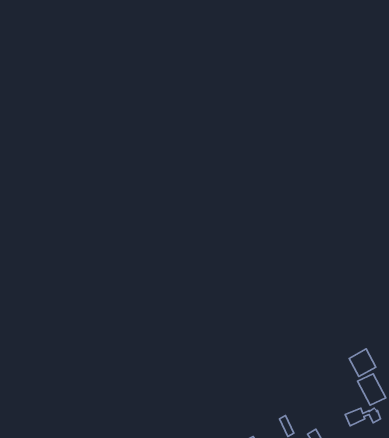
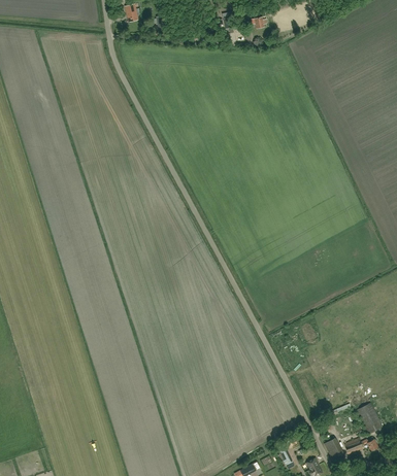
building: [349,349,376,377] -> none

